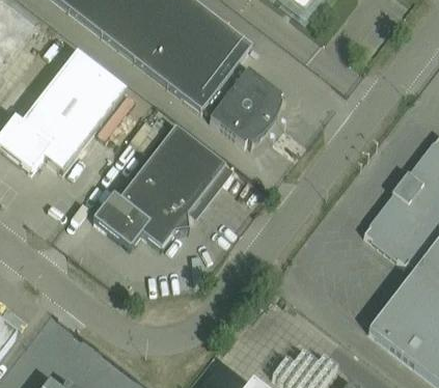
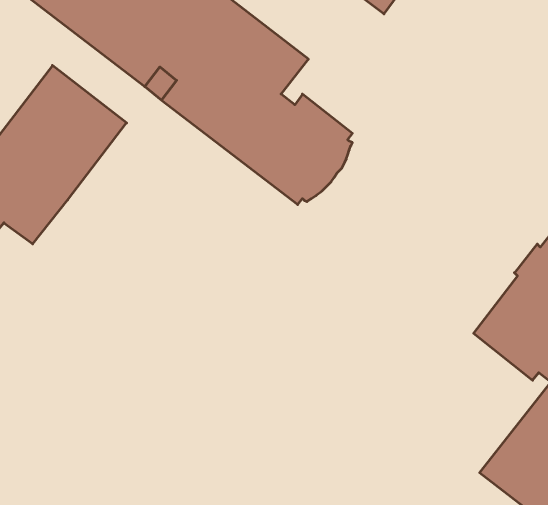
building: [93,124,226,247] -> none

